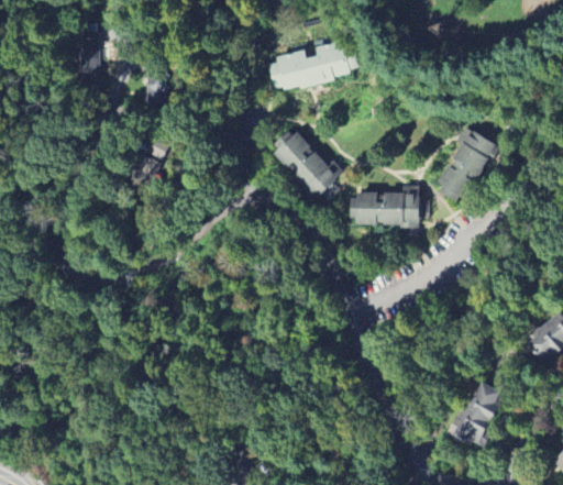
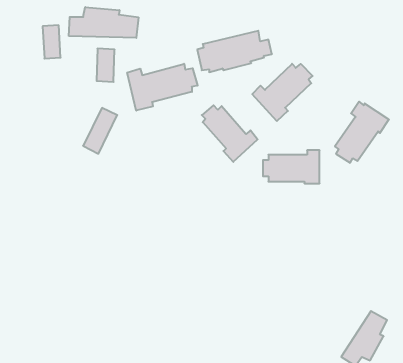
building: none -> [69,7,138,38]
building: none -> [252,64,313,121]
building: none -> [127,64,198,111]

